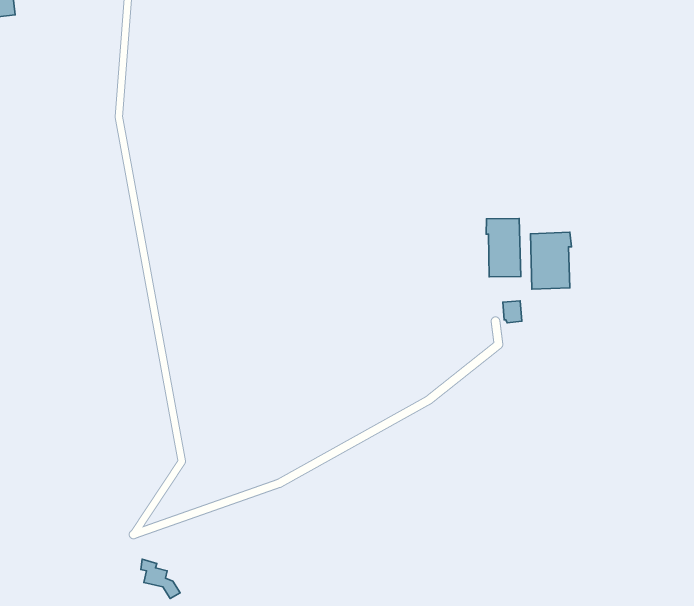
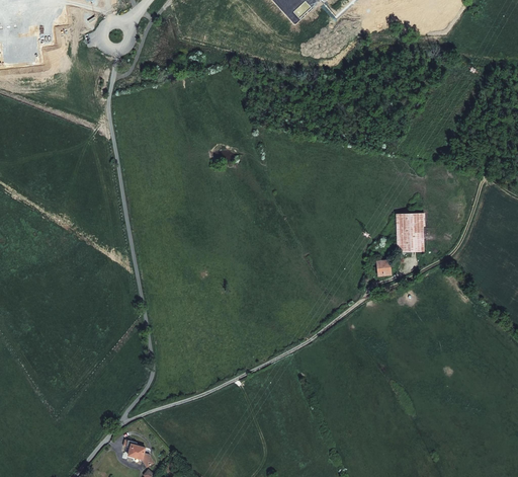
building: [486,219,521,277] -> none

